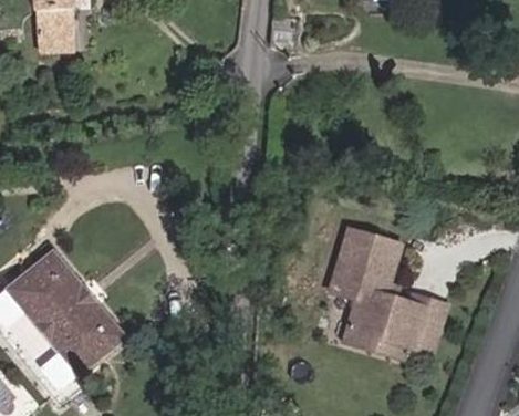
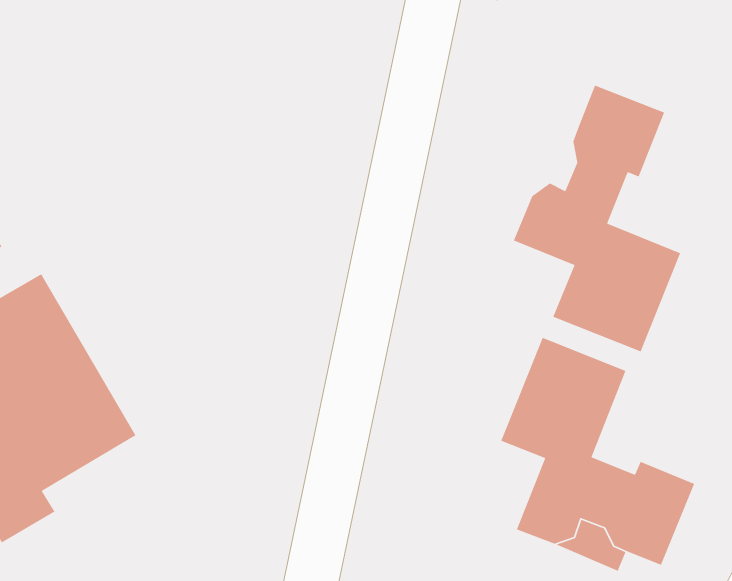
building: none -> [513,85,681,352]

